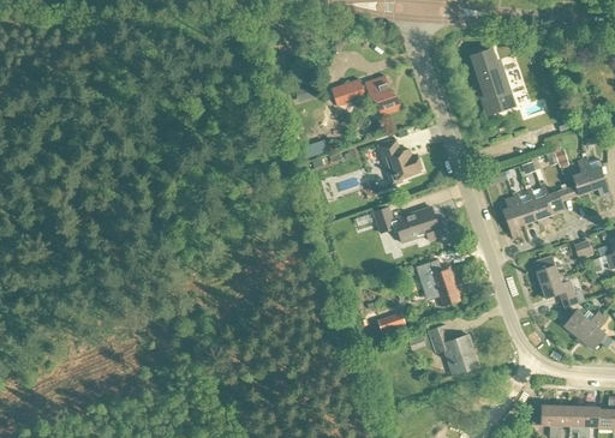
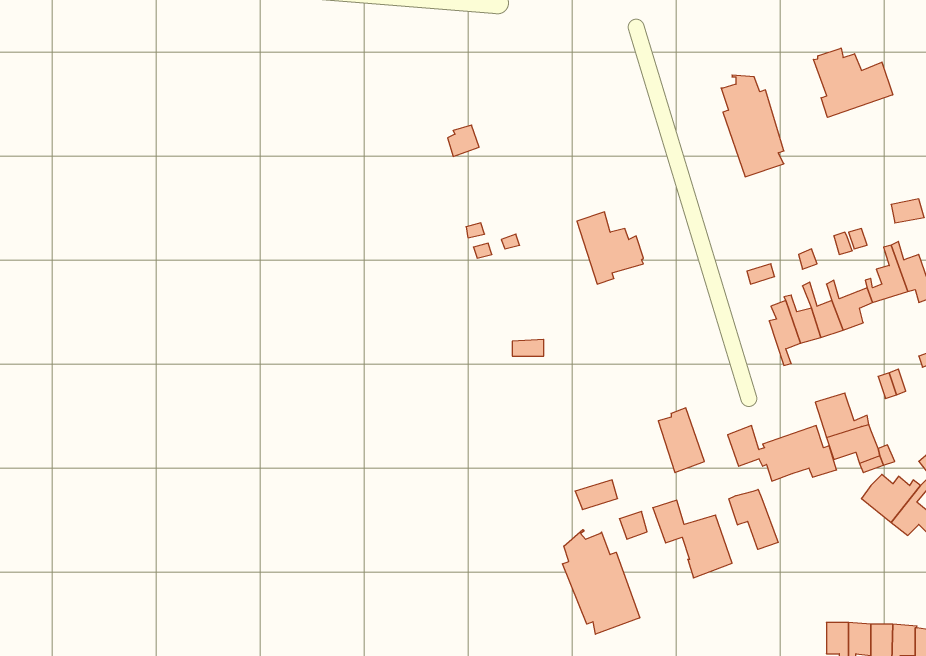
building: none -> [813,48,893,117]
building: [332,74,402,115] -> none
building: [374,206,444,242] -> [728,426,837,481]
building: none -> [729,489,778,549]
building: none -> [562,530,640,634]

